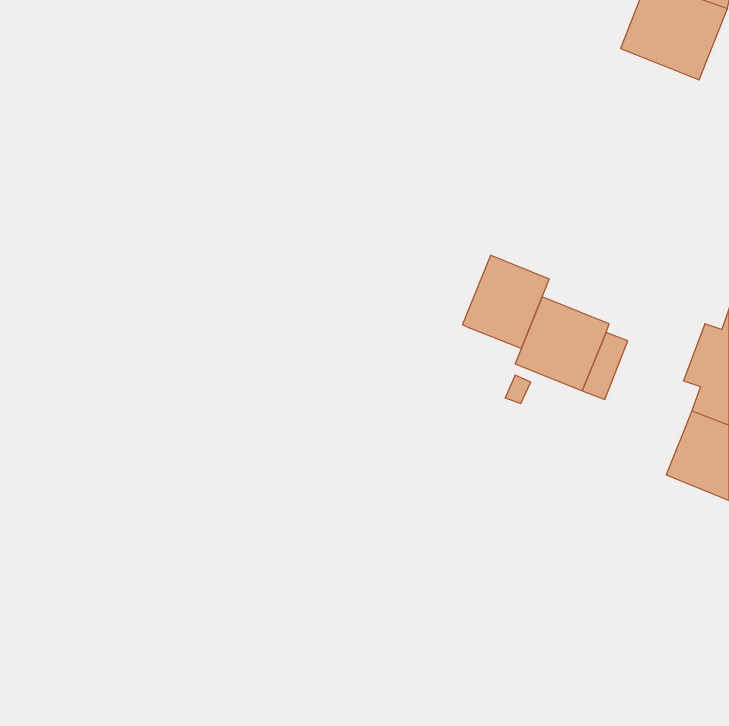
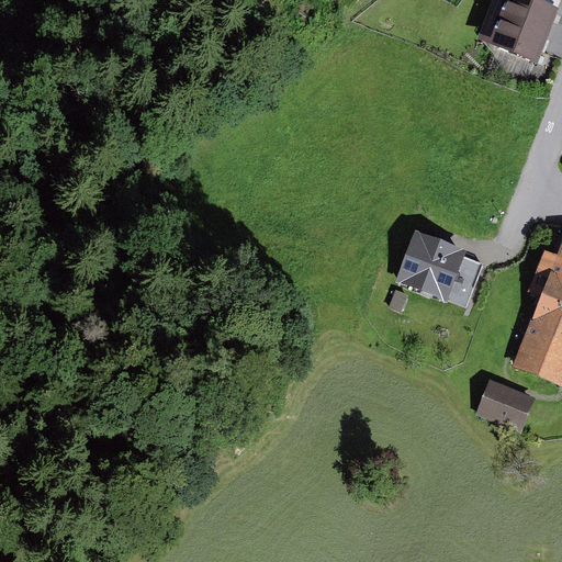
building: [463,255,549,348] -> none
building: none -> [475,380,533,431]

